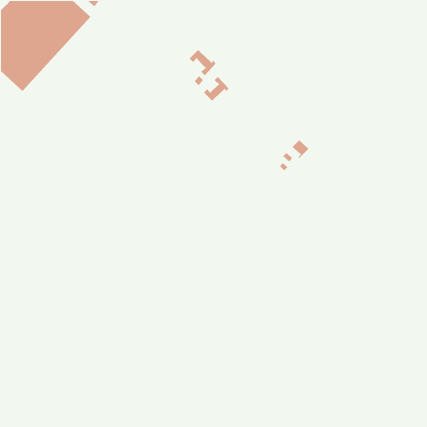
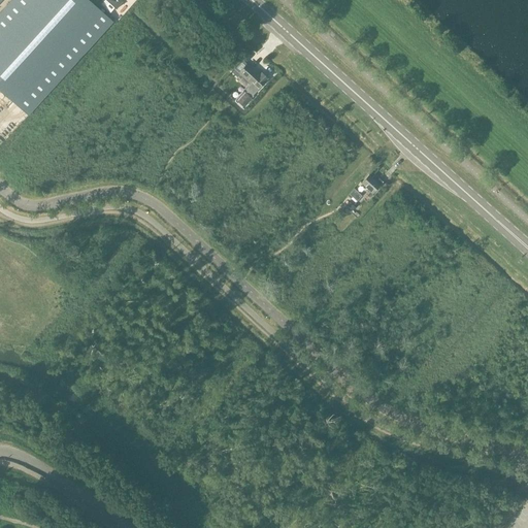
building: [203,76,229,102] -> none

